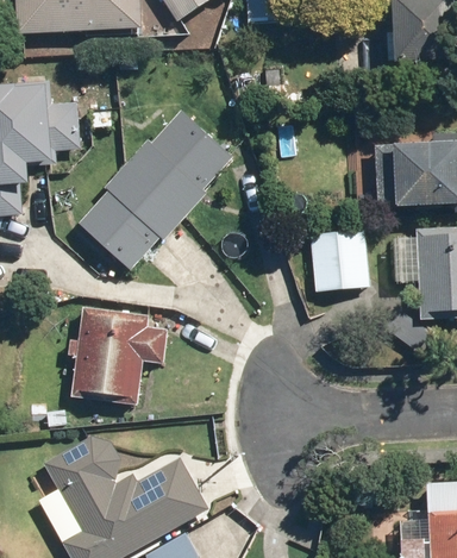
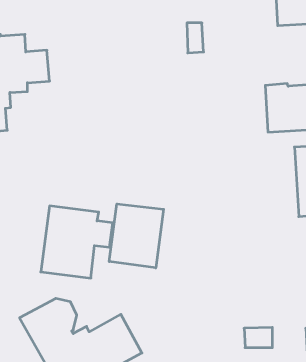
building: [80,112,234,274] -> none
building: [311,233,370,295] -> none
building: none -> [109,204,164,268]

